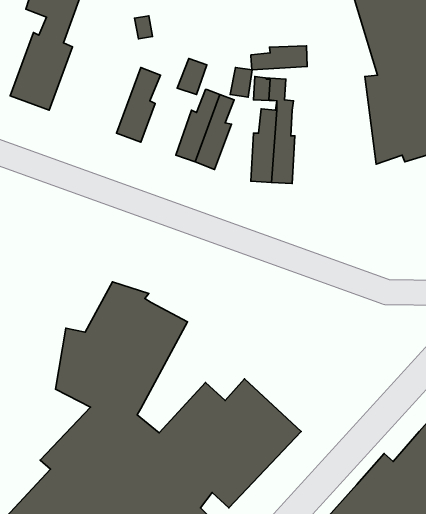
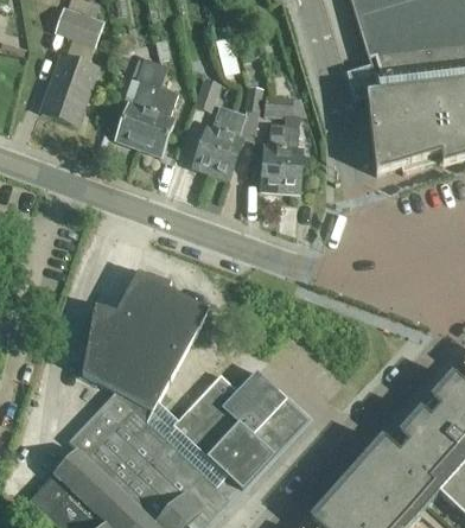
building: none -> [115,55,167,144]
building: [251,46,307,70] -> none

